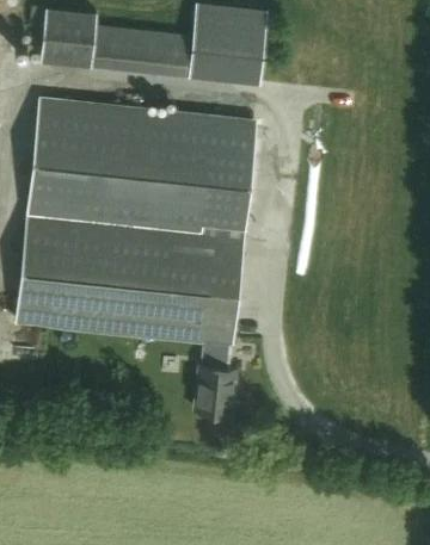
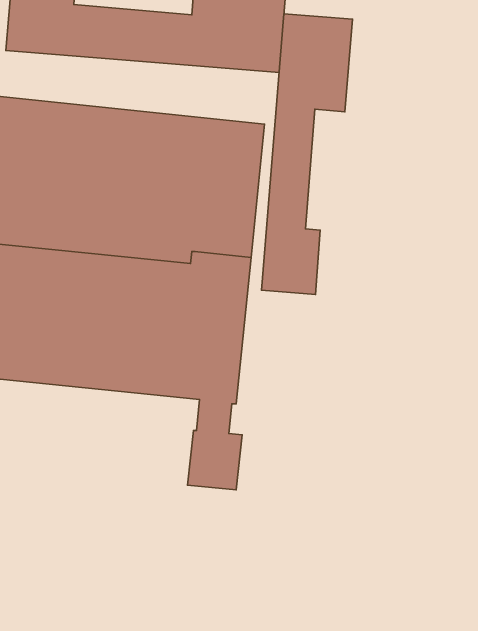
building: none -> [262,14,352,295]

